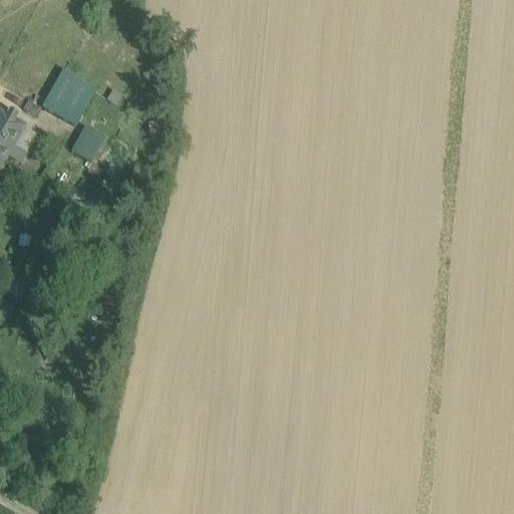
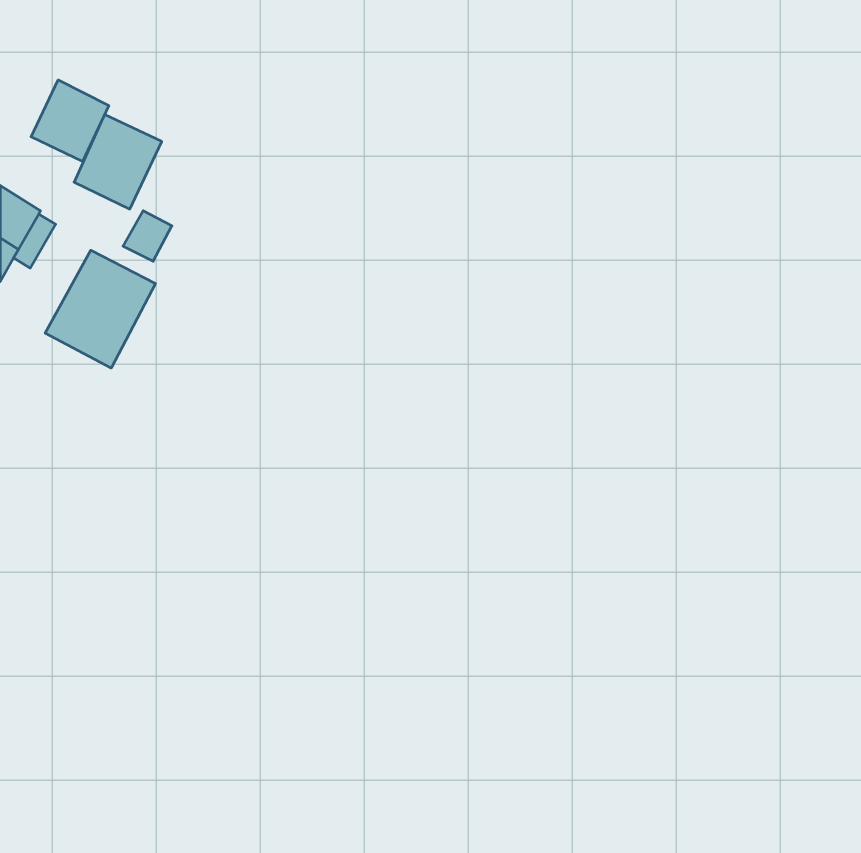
building: none -> [31,80,109,161]
building: none -> [45,250,155,368]

